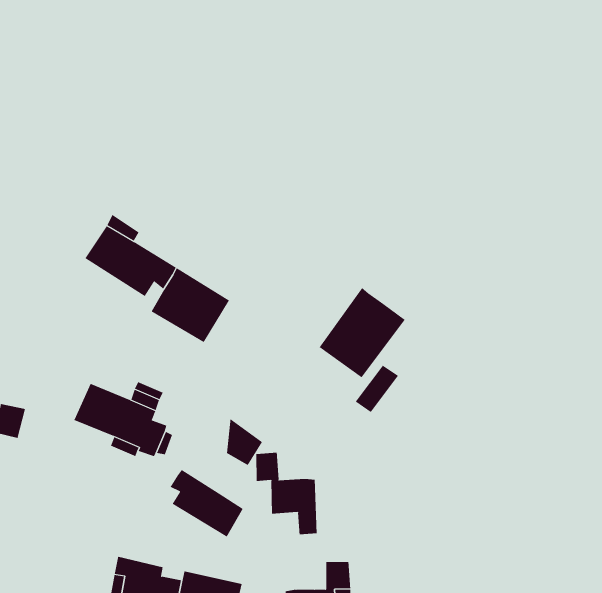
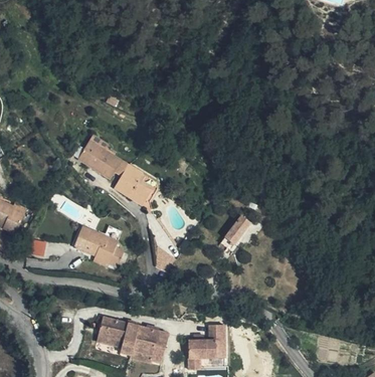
building: [319,287,406,378] -> none
building: [256,452,317,535] -> none
building: [170,469,244,538] -> none

